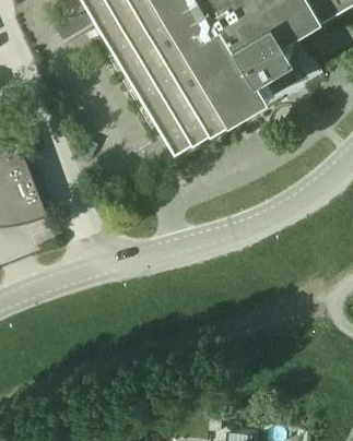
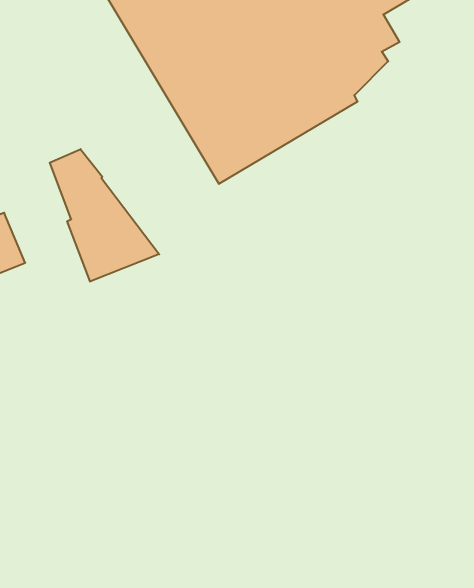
building: none -> [50,149,159,282]

